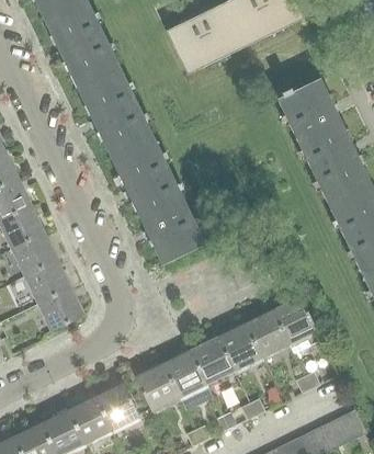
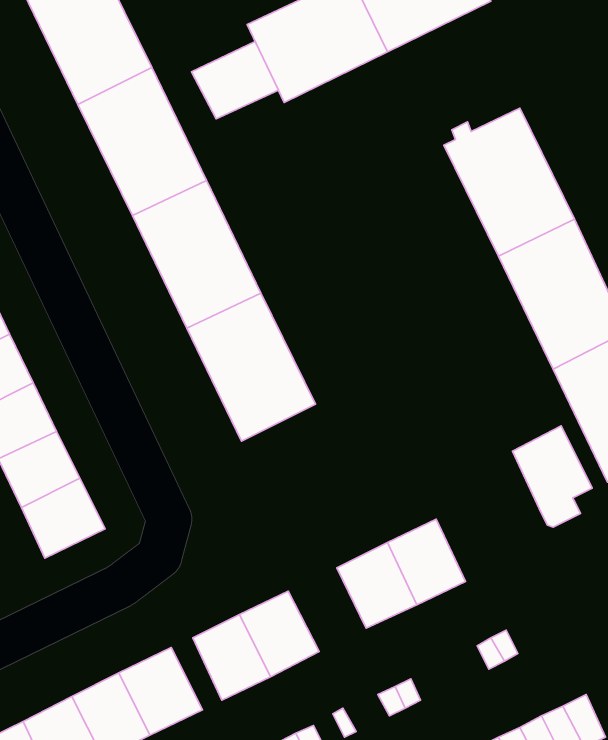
building: none -> [192,41,278,119]
building: [273,295,318,352] -> [512,426,592,527]
building: [190,337,234,384] -> none

